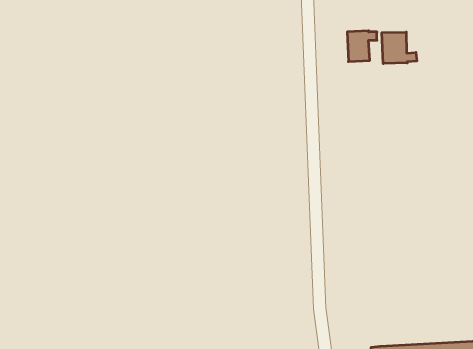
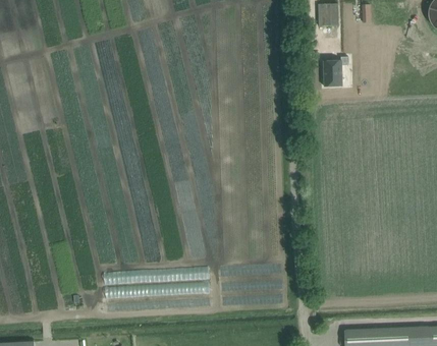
building: [382,32,417,64] -> none

